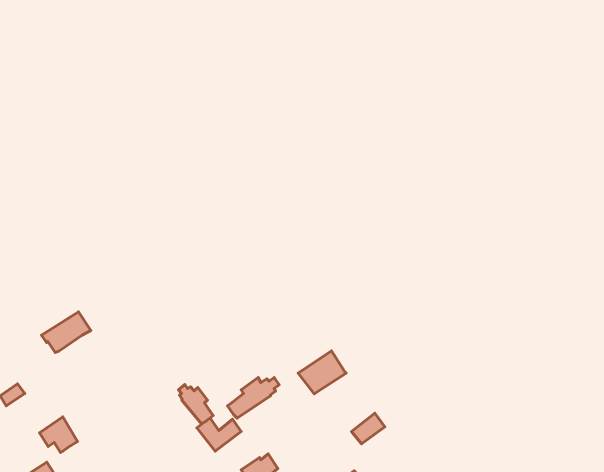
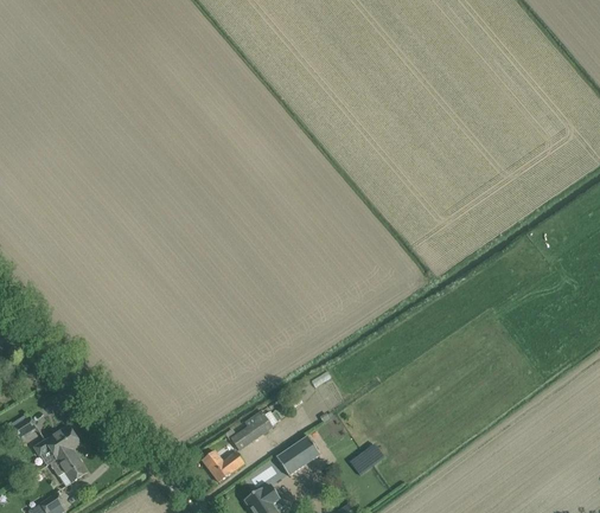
building: [42,312,91,352] -> [33,425,81,464]
building: [298,351,346,394] -> [274,436,320,477]
building: [179,385,213,424] -> none

